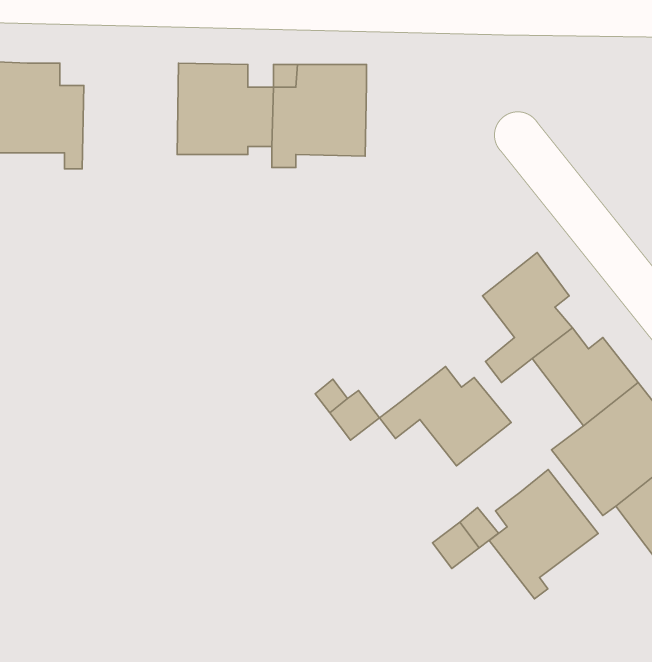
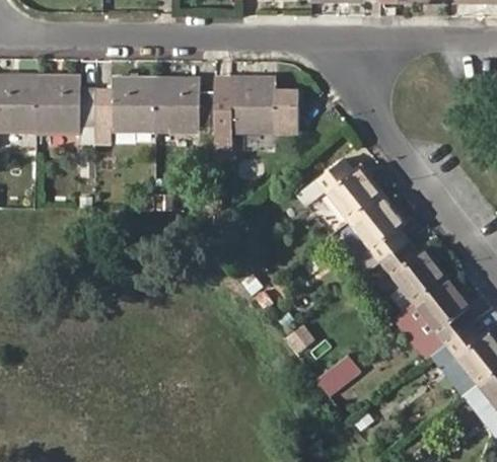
building: none -> [95,75,156,142]
building: none -> [274,88,298,134]
building: [380,366,511,466] -> [299,159,382,222]
building: [489,469,598,599] -> none

